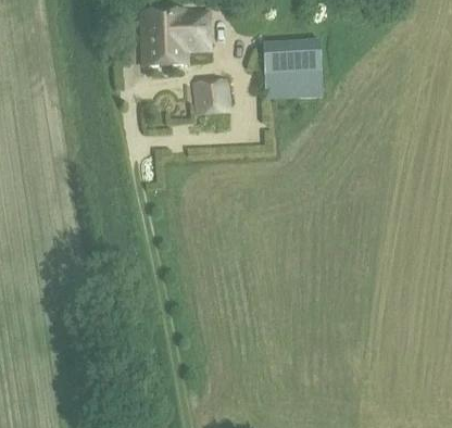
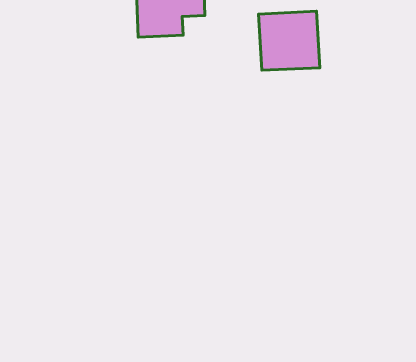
building: [193,77,233,114] -> none

